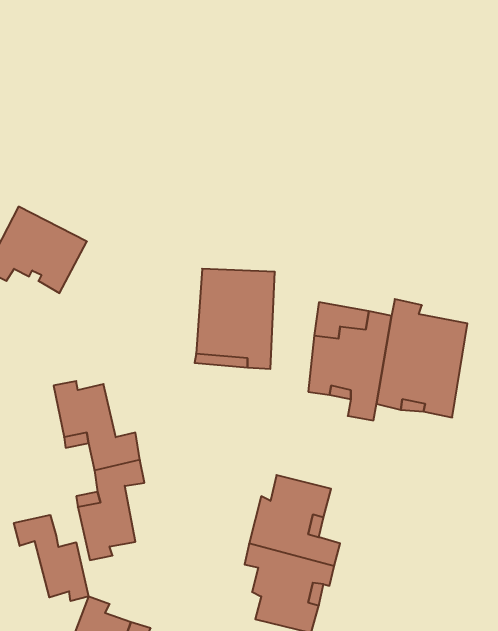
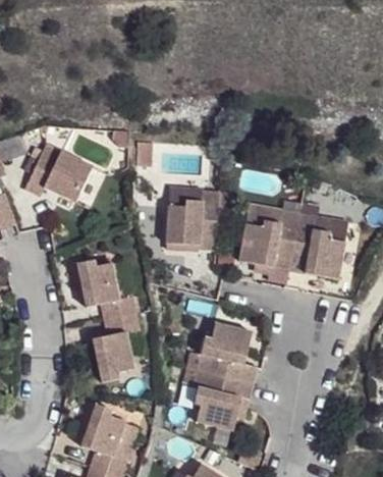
building: [14,515,88,601] -> none

